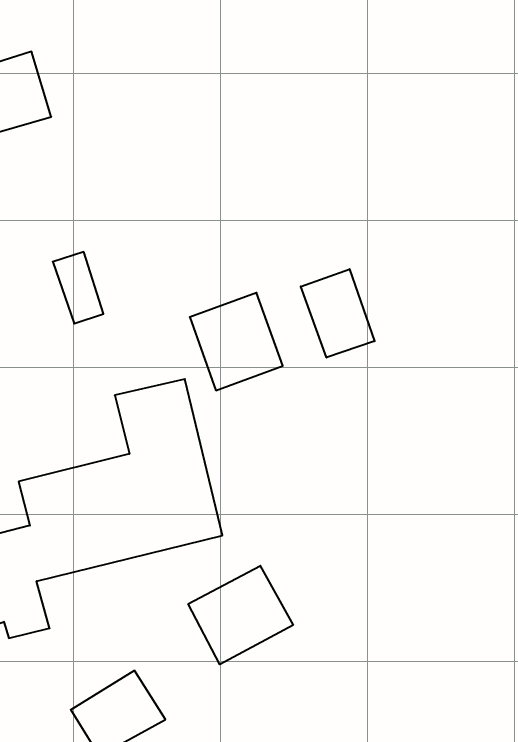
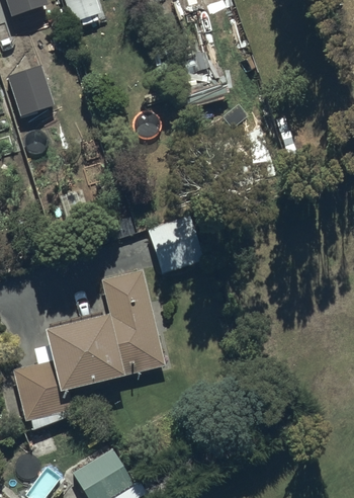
building: [301,269,375,358] -> none
building: [188,566,293,664] -> none

